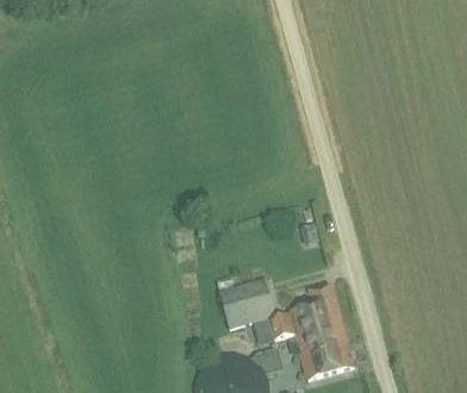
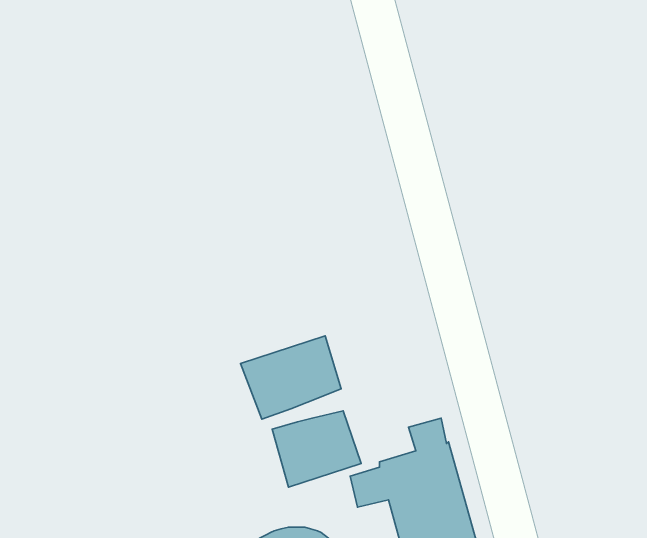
building: none -> [241,336,341,419]

